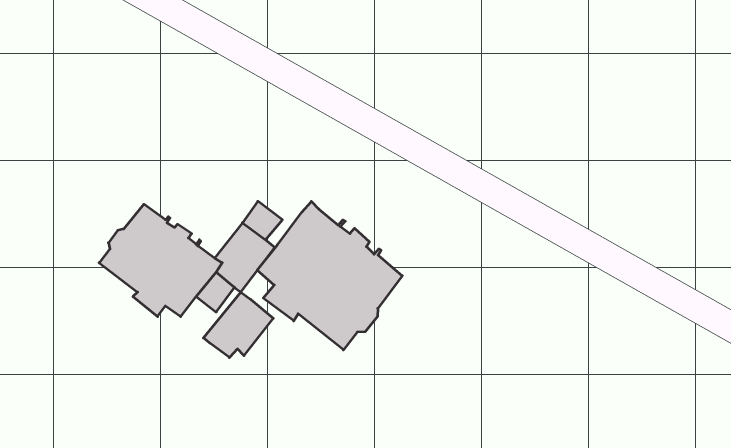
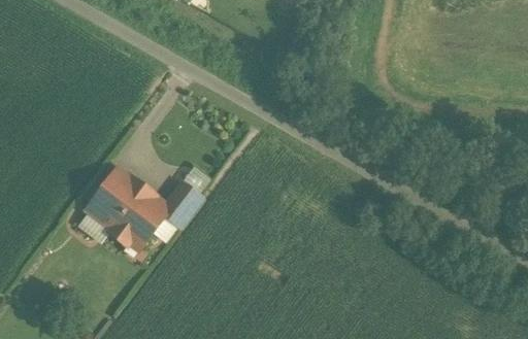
building: [257,201,402,350] -> none
building: [203,292,273,358] -> none

